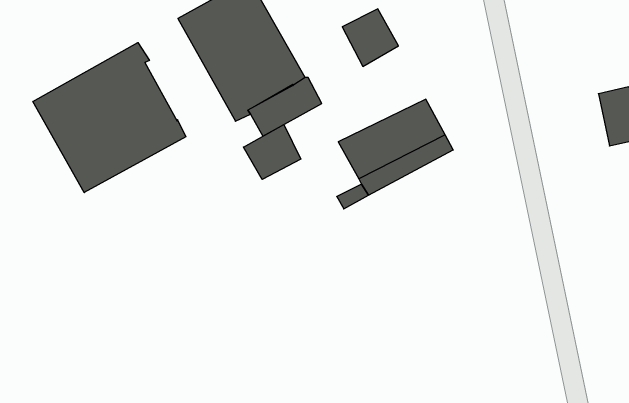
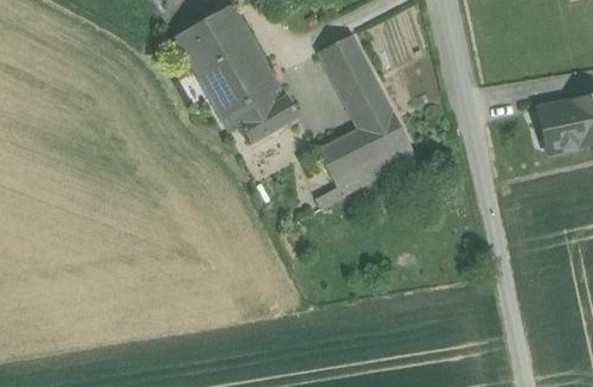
building: [33,43,186,193] -> none
building: none -> [336,66,391,128]
building: [243,125,301,179] -> none

